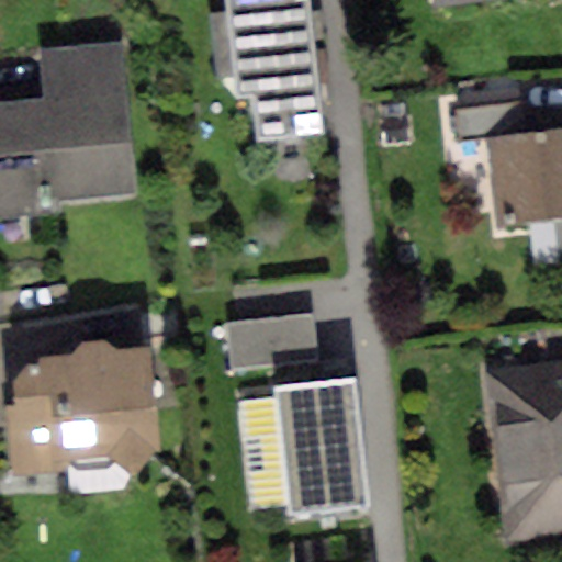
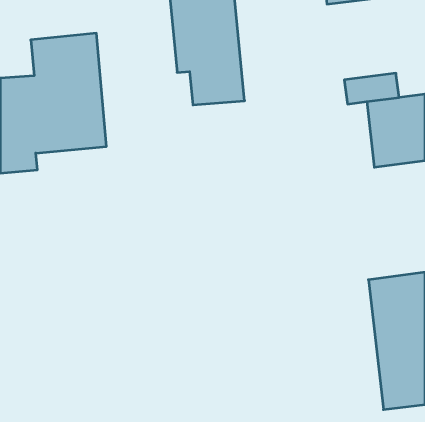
building: [226,310,317,364] -> none
building: [5,334,159,475] -> none
building: [271,375,370,514] -> none

